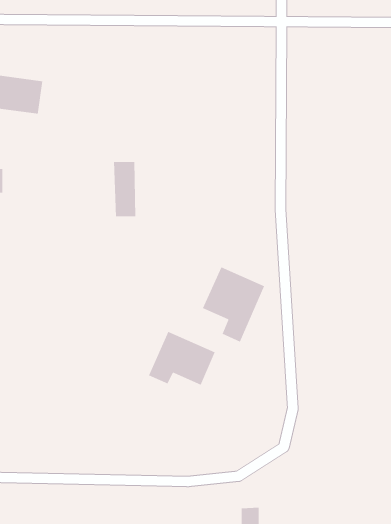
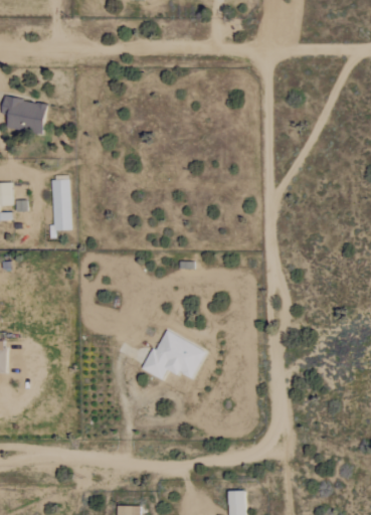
building: [113,162,136,217] -> [50,179,71,229]
building: [202,267,265,342] -> none

